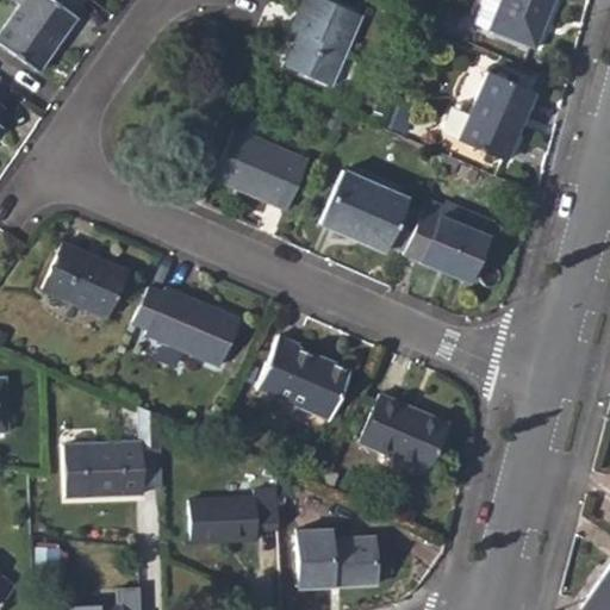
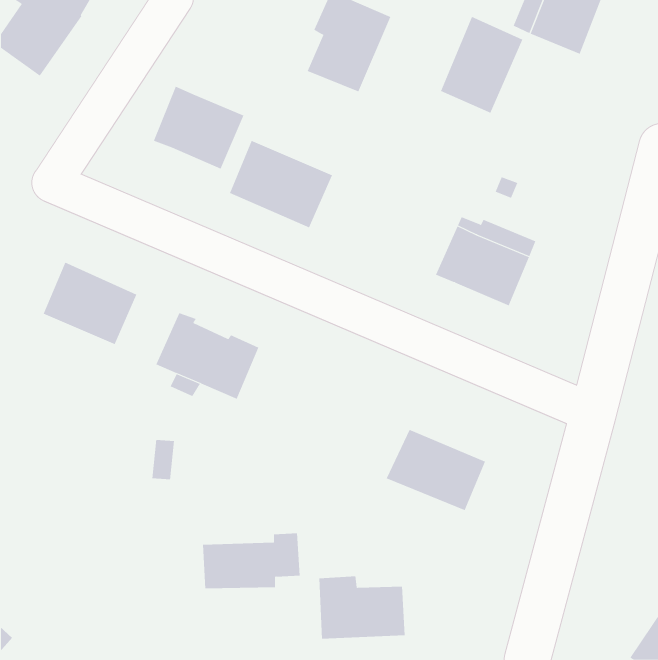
building: [460,70,536,160] -> [440,16,523,113]
building: none -> [153,86,244,169]
building: [320,169,410,251] -> none
building: [257,336,351,418] -> none
building: [66,442,164,496] -> none

